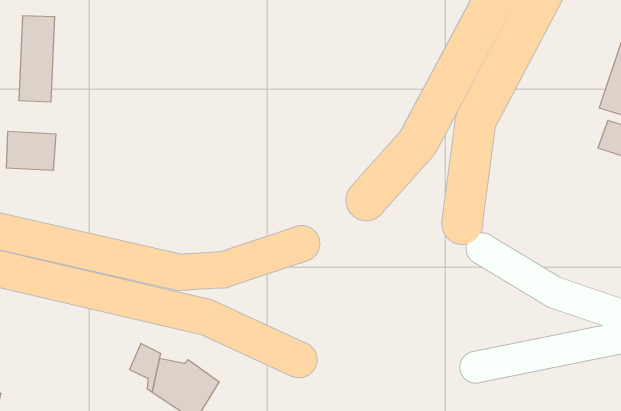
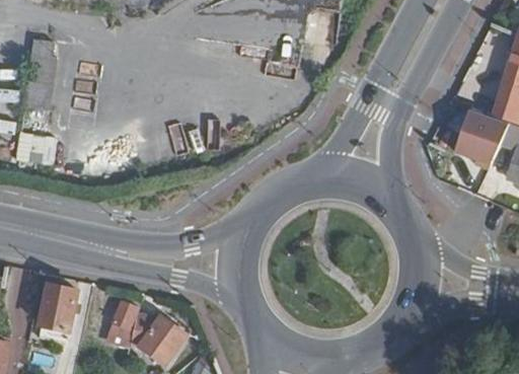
building: none -> [444,103,501,163]
building: none -> [42,282,78,328]

